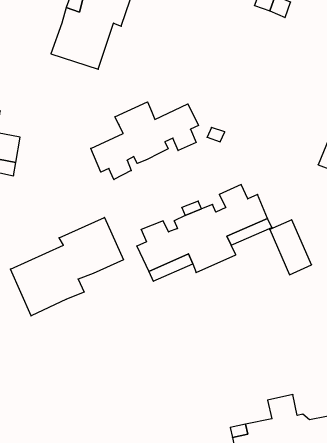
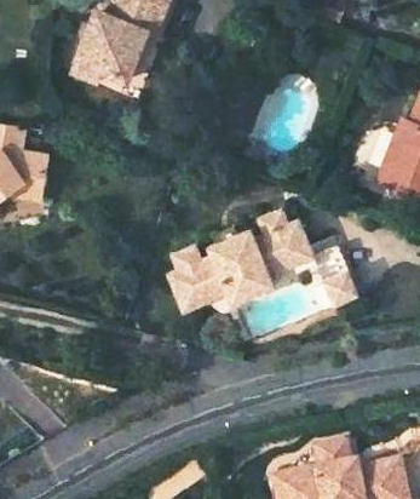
building: [91,102,198,180] -> none
building: [10,217,124,316] -> none

